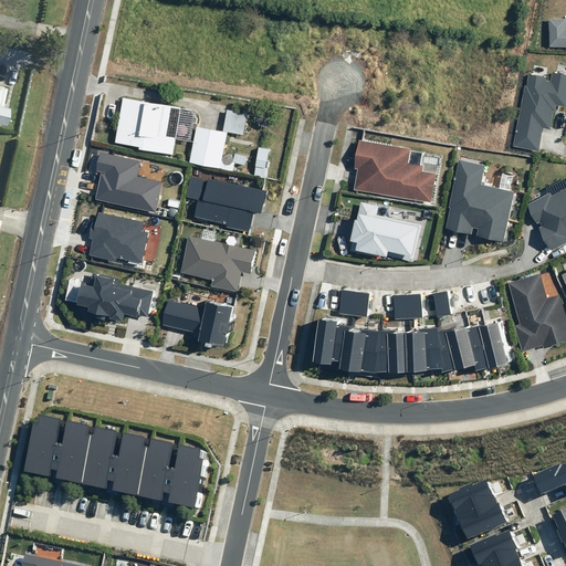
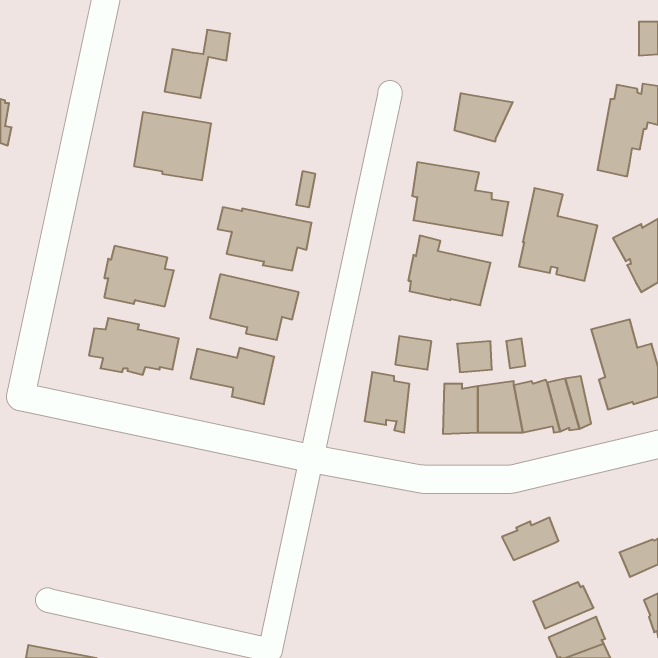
building: none -> [454,93,513,142]
building: [190,108,247,167] -> [165,30,230,98]
building: [95,151,163,213] -> none
building: [347,329,381,373] -> none
building: [22,416,212,509] -> none
building: [448,480,496,516] -> [502,518,559,560]

